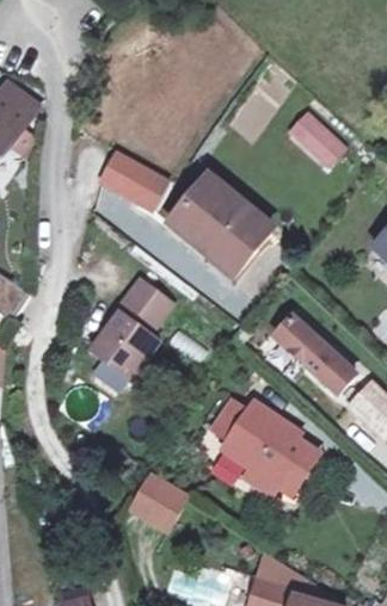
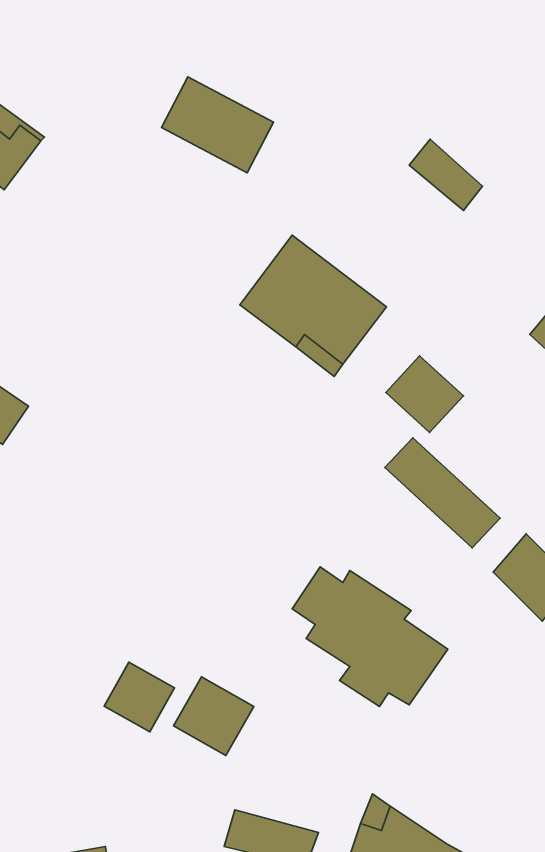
building: [93,147,170,212] -> [162,77,273,173]
building: none -> [386,356,463,433]
building: [96,280,173,376] -> none
building: none -> [104,662,175,732]

